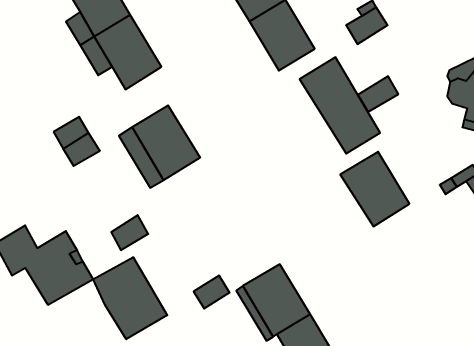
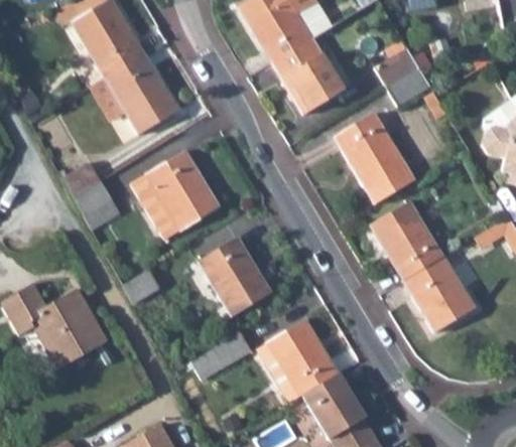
building: [358,76,398,112] -> [388,66,431,105]
building: none -> [201,239,272,316]
building: none -> [405,257,476,335]
building: [93,257,167,339] -> none

